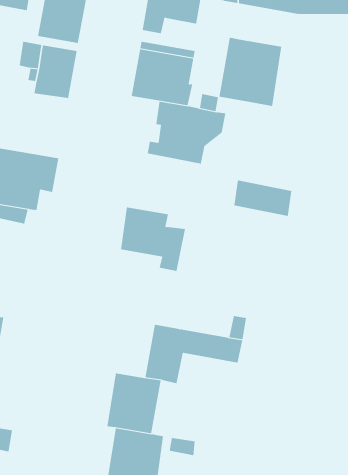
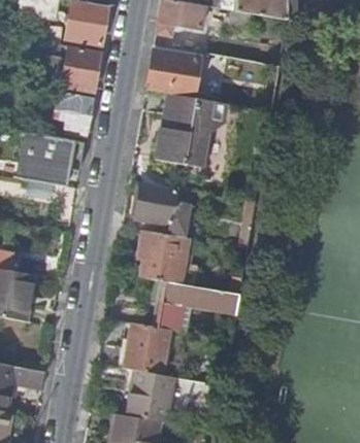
building: [219,37,282,107] -> none
building: none -> [48,92,91,136]
building: [234,180,292,216] -> [155,138,204,169]
building: none -> [137,231,193,286]

